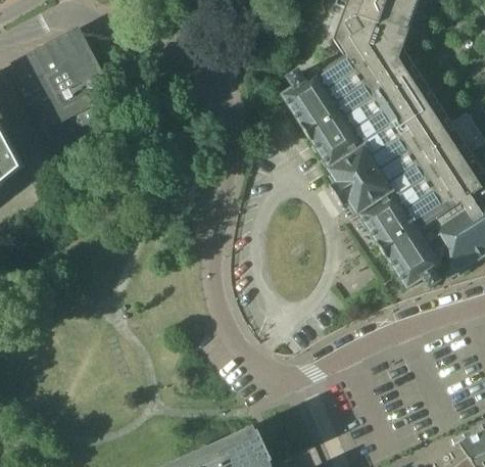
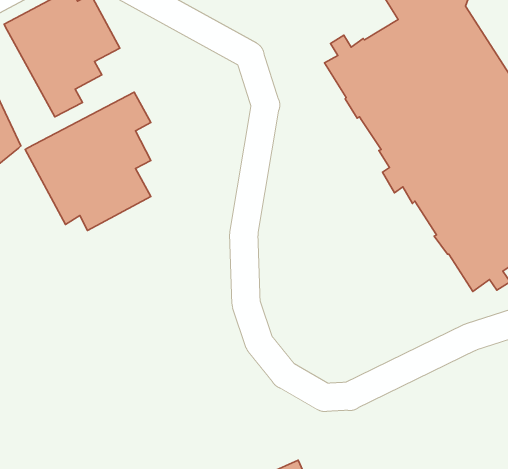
building: none -> [25,92,151,230]

